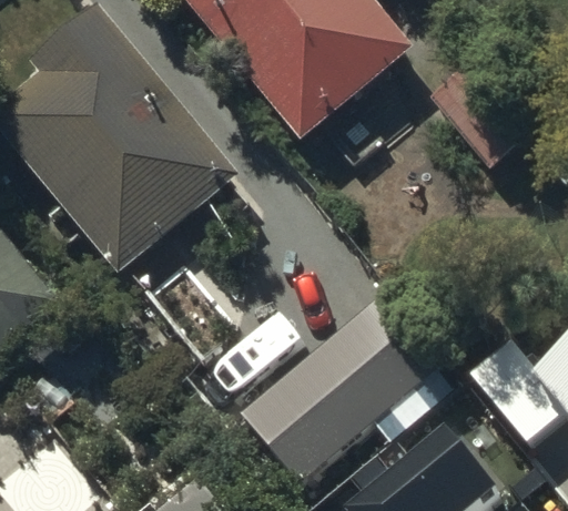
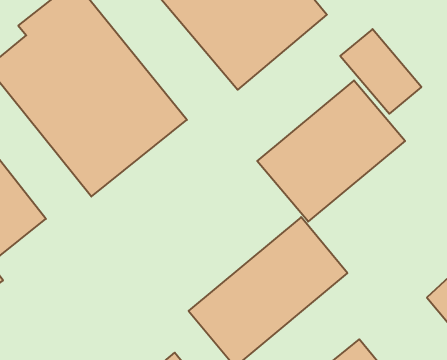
building: none -> [257,80,405,222]

